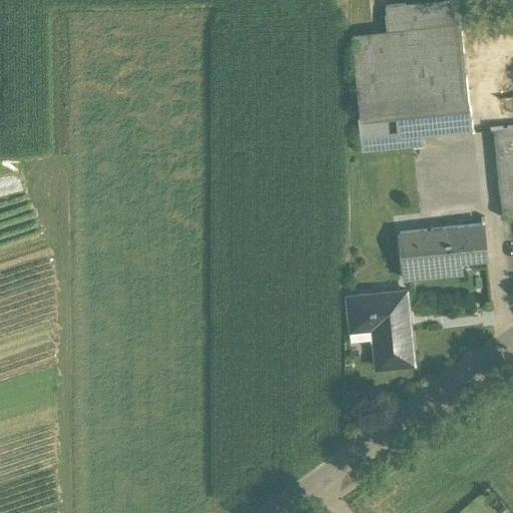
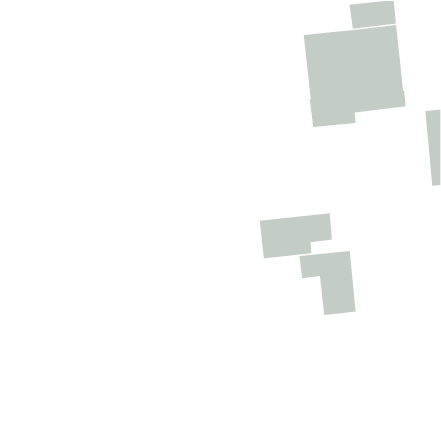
building: [385,6,409,37] -> none
building: [400,225,486,280] -> [259,213,333,259]

